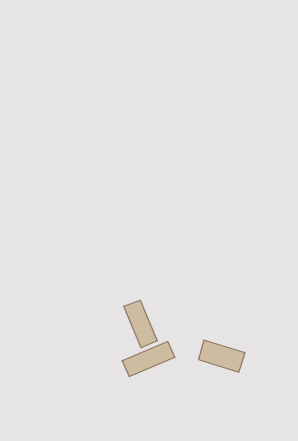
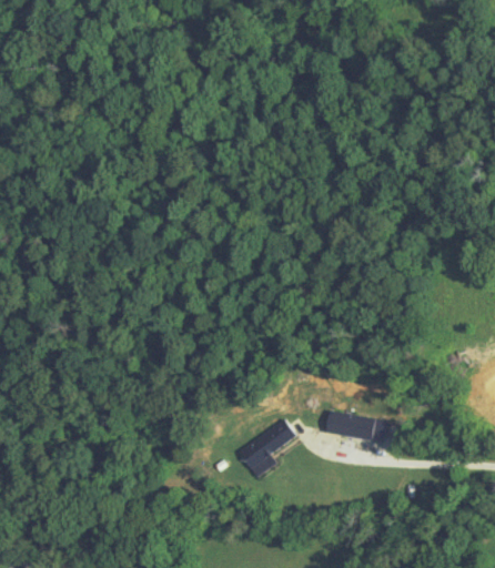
building: [124,300,157,348] -> none

